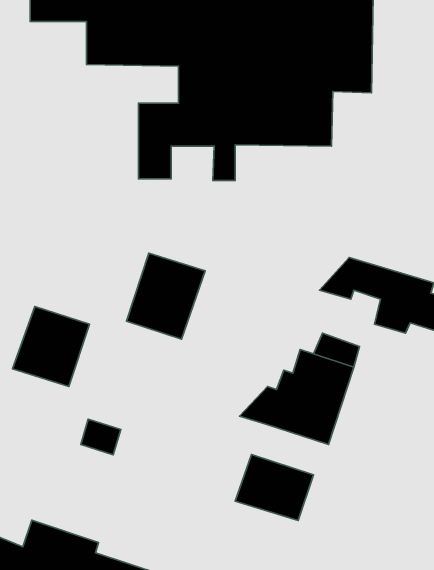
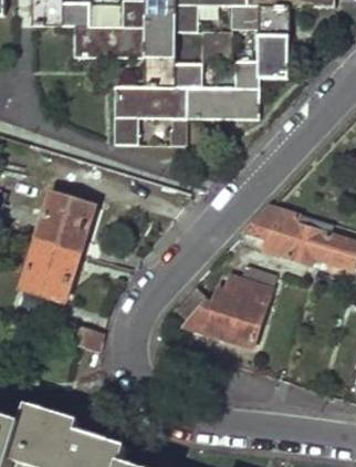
building: [127,253,205,339] -> [35,191,94,256]
building: [235,454,314,521] -> none

